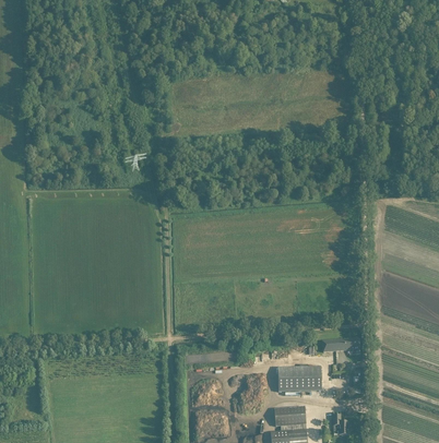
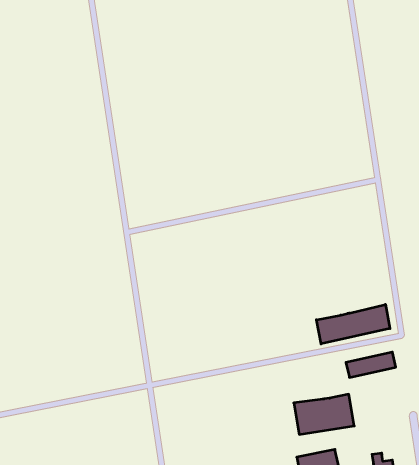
building: none -> [316,304,390,344]

